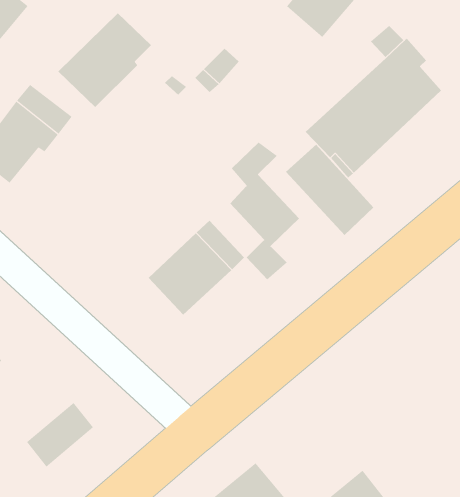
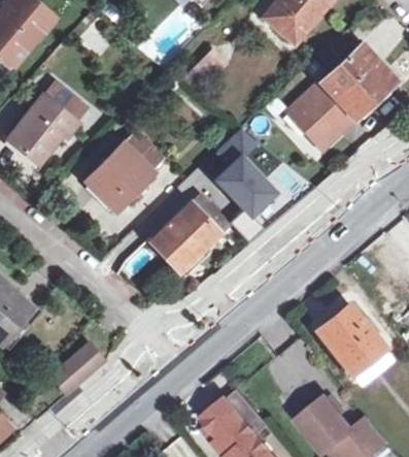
building: [58,12,152,108] -> [86,131,163,209]
building: [285,144,374,236] -> none
building: none -> [317,305,385,377]

